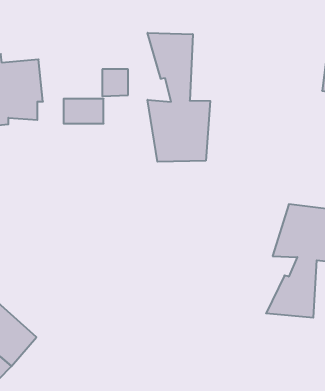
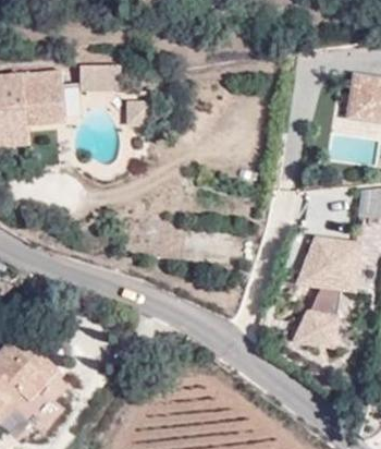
building: [148,33,210,162] -> none
building: [64,99,104,124] -> [76,69,116,94]

